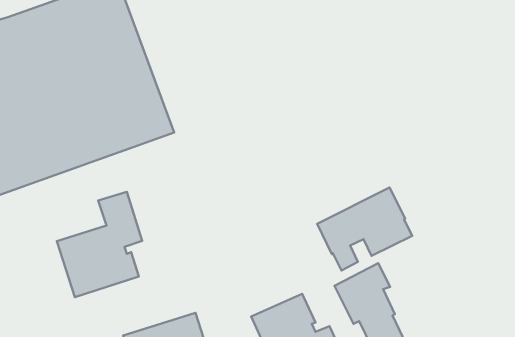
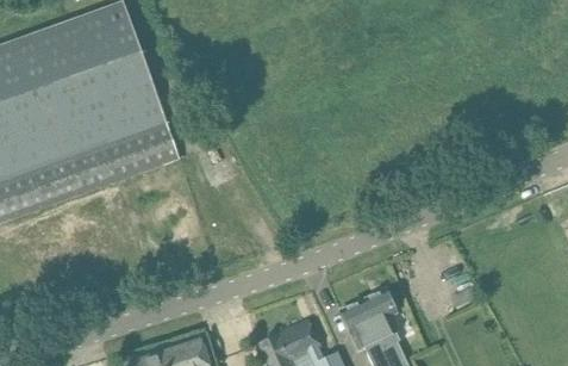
building: [317,188,412,270] -> none
building: [57,192,142,297] -> none

